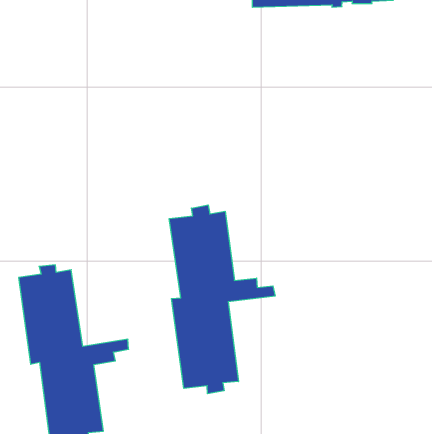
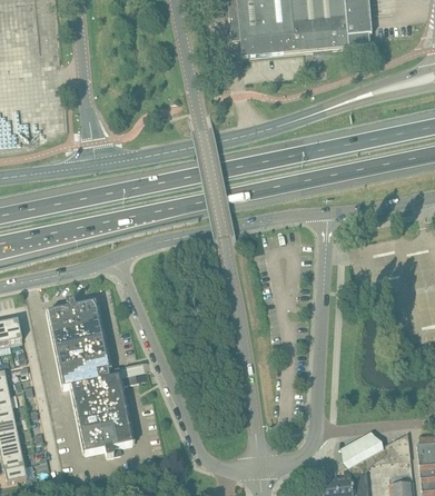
building: [169,205,275,394] -> none

